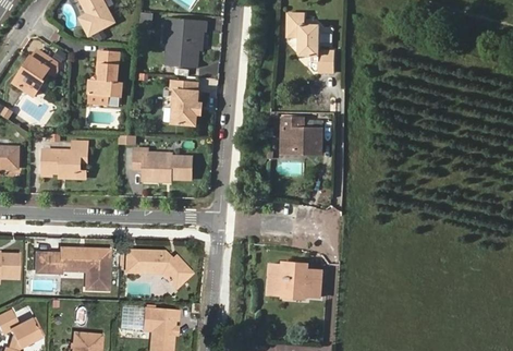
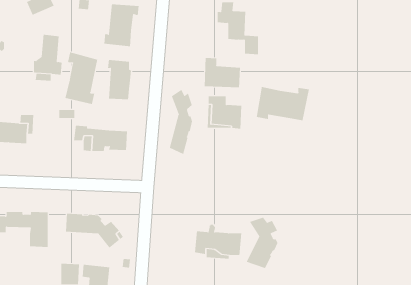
building: none -> [65,52,98,105]
building: none -> [204,57,240,88]
building: none -> [256,86,309,121]
building: none -> [169,89,193,155]
building: none -> [246,217,278,269]

